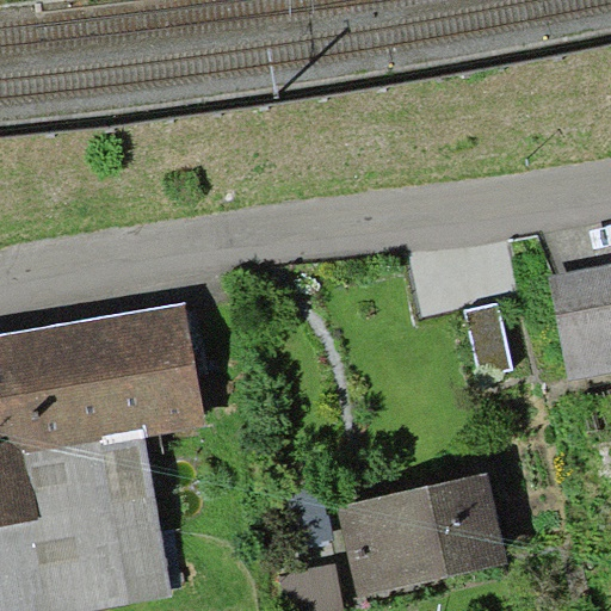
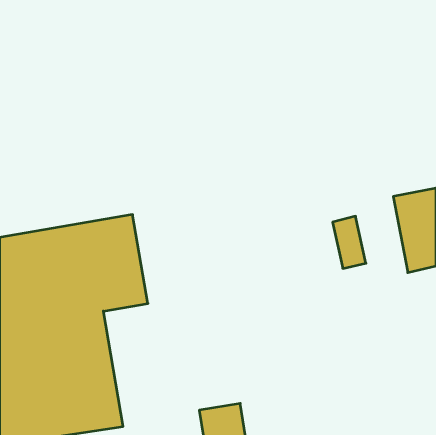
building: [335,473,507,598] -> none

